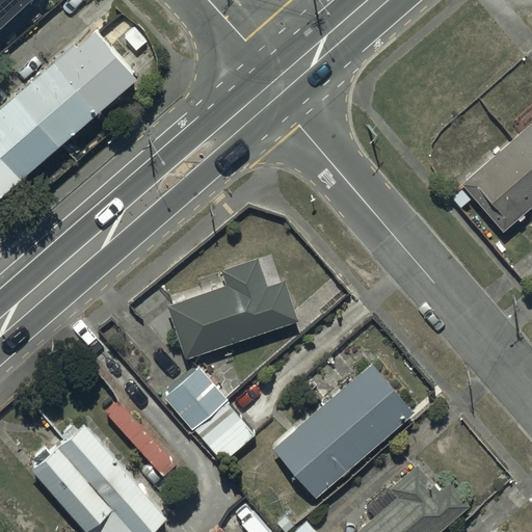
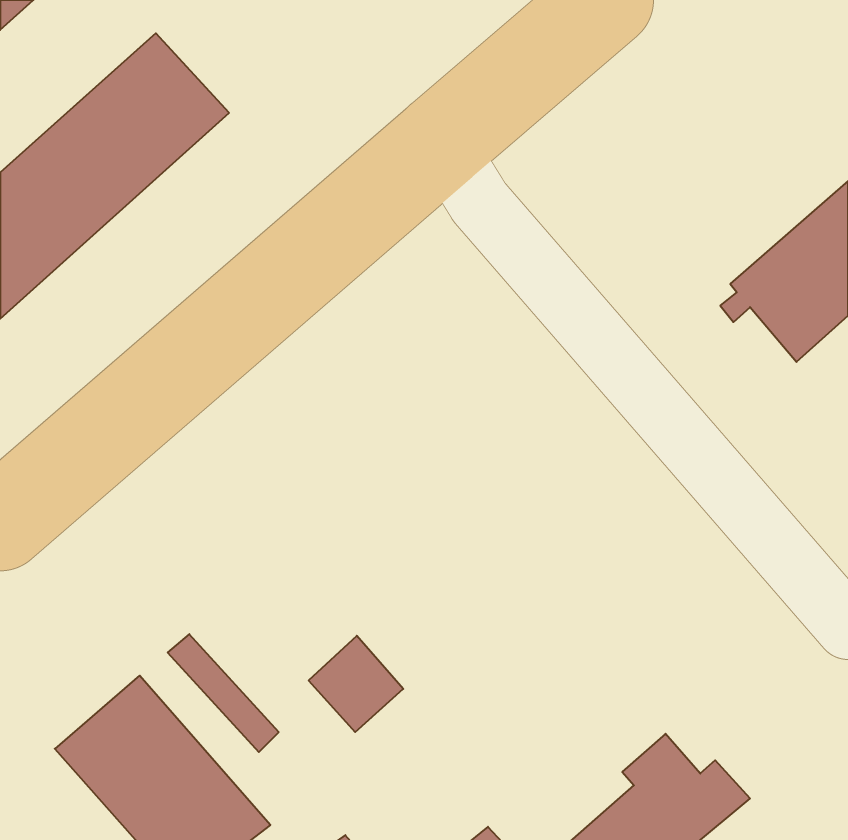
building: [166,258,297,358] -> none
building: [272,363,414,499] -> none
building: [164,367,228,431] -> none

